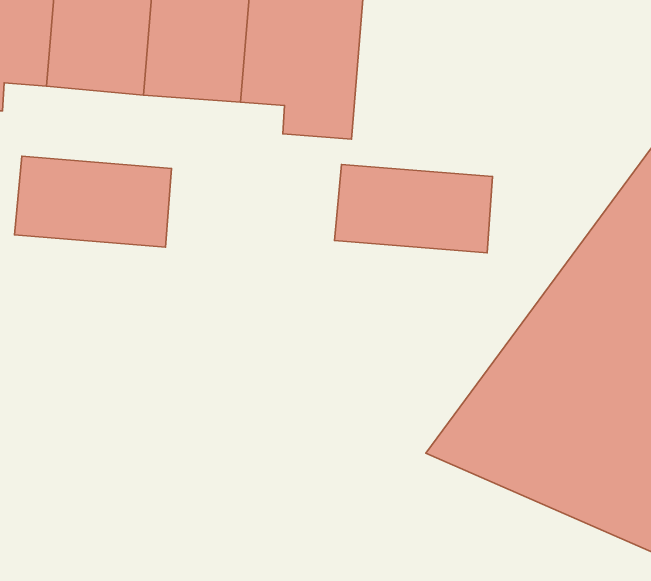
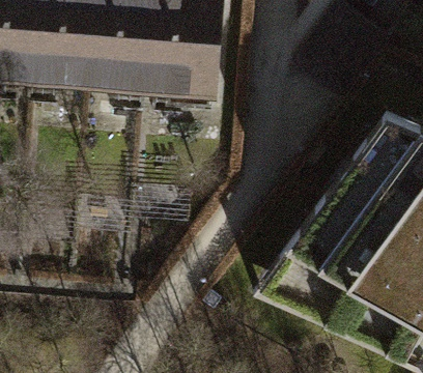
building: [15,156,171,247] -> none
building: [335,165,493,253] -> none

